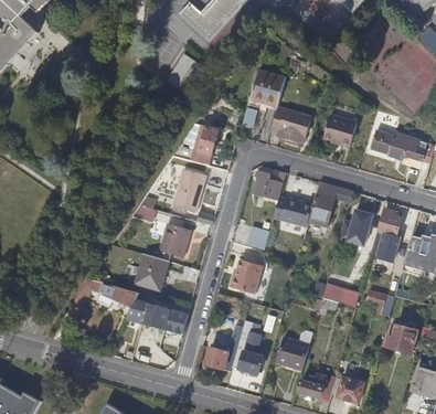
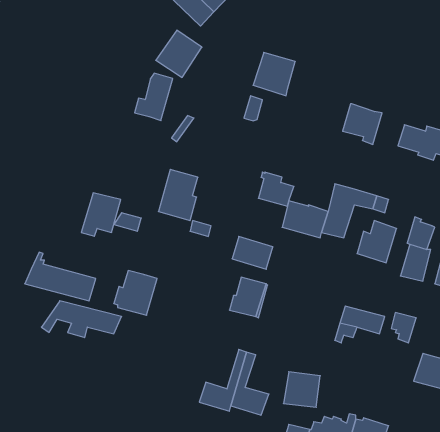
building: [270,106,312,142] -> none
building: [188,126,220,166] -> [135,73,173,121]
building: [158,223,191,259] -> [81,193,121,236]
building: [127,291,187,332] -> [25,252,96,301]

